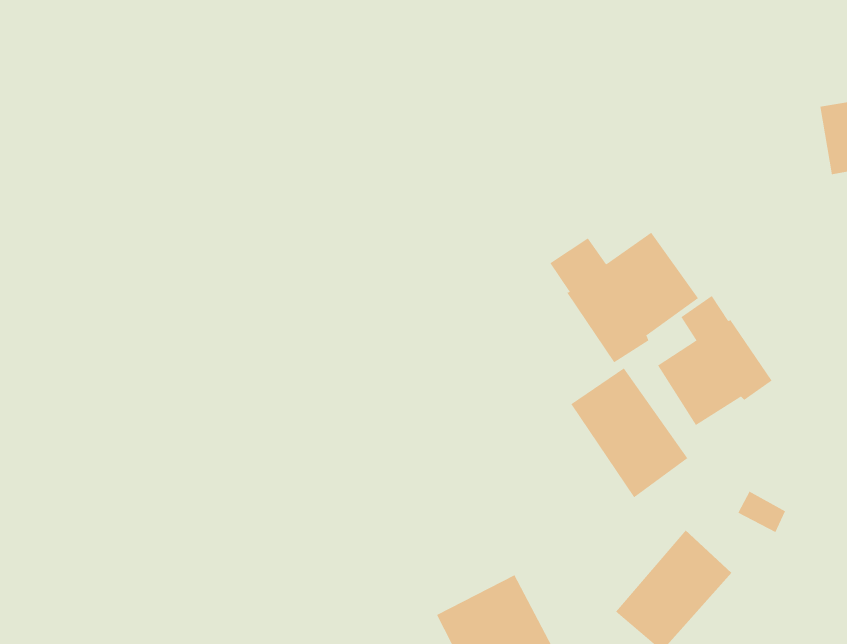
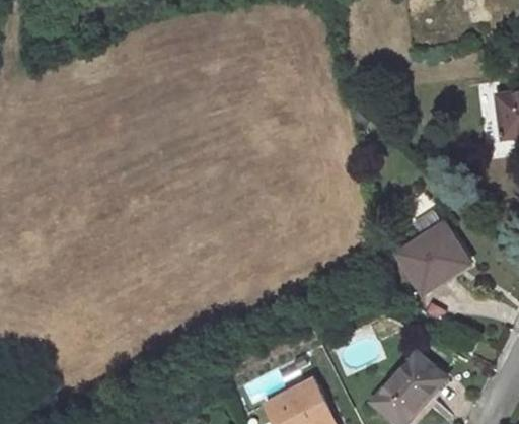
building: [549,232,699,363] -> none
building: [570,368,688,498] -> none

